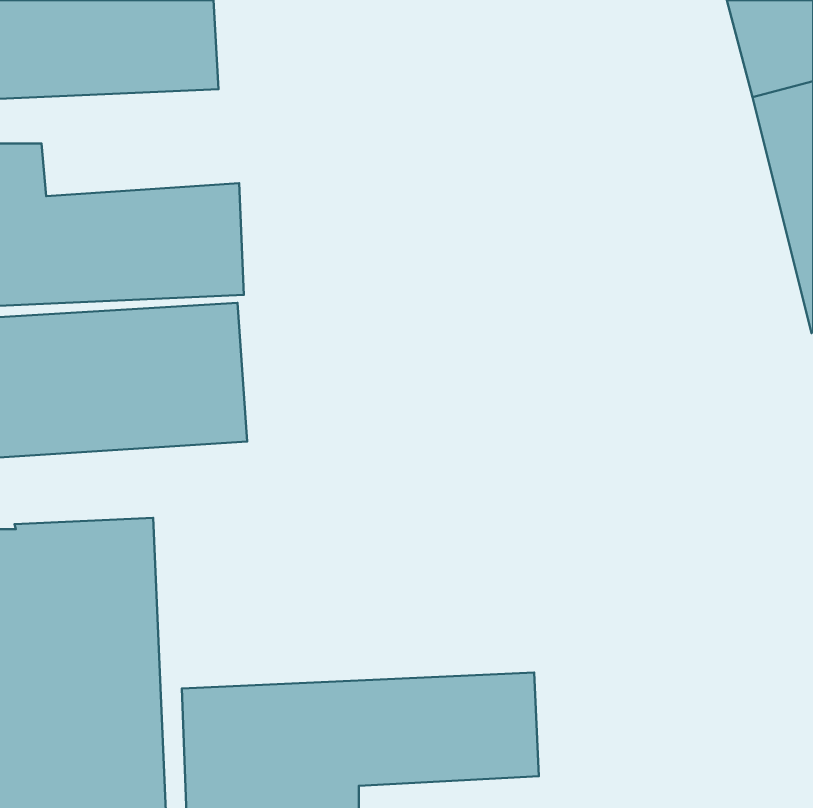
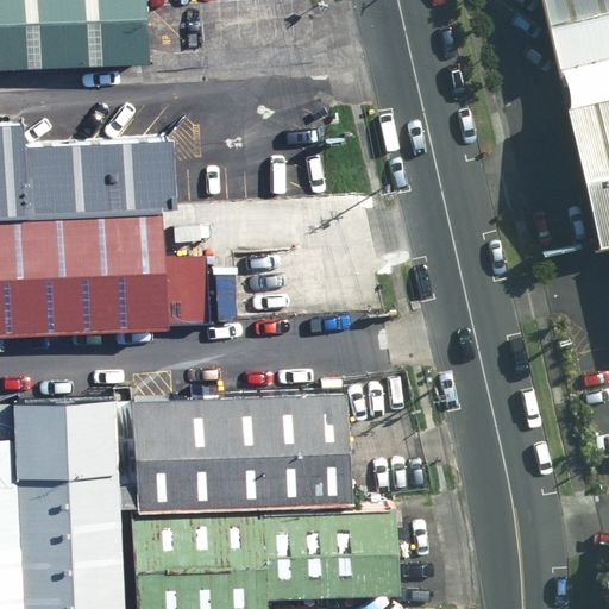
building: none -> [130,381,351,506]

